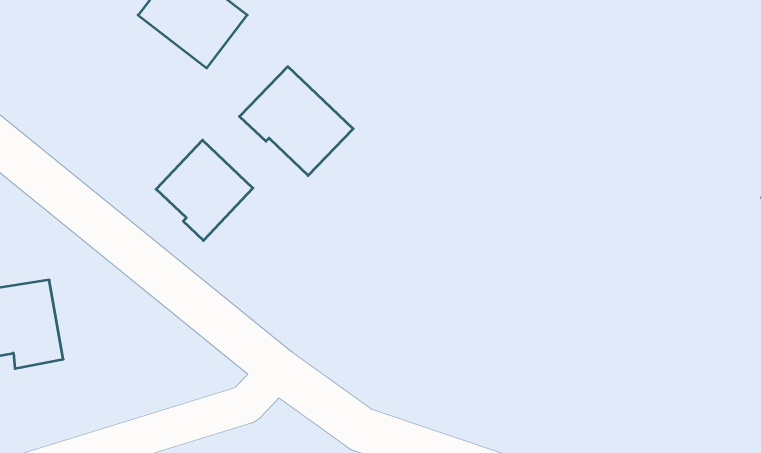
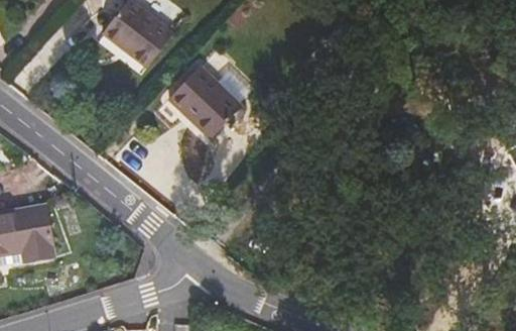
building: [156,140,253,241] -> none

